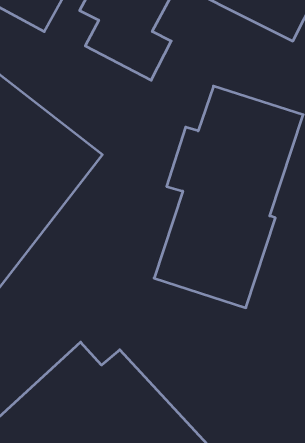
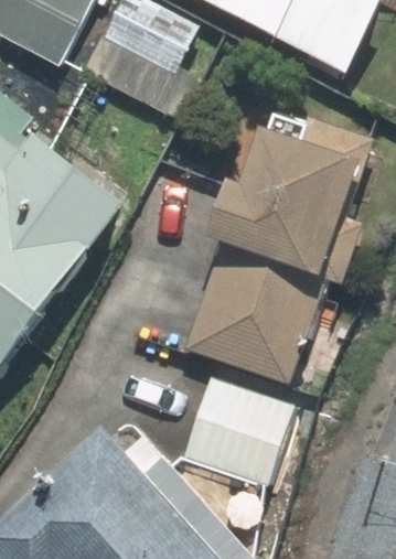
building: none -> [181,375,300,490]

